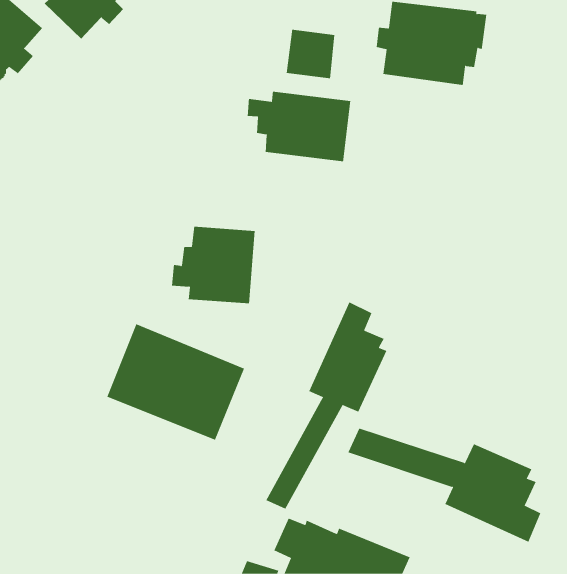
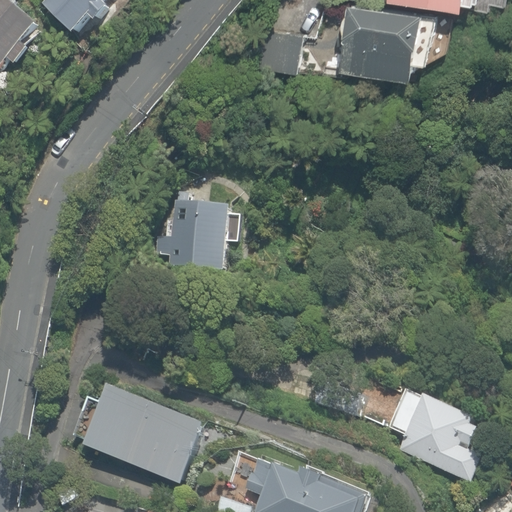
building: [247,91,351,162] -> none
building: [266,302,387,509] -> none
building: [107,324,245,441] -> [84,382,207,486]

